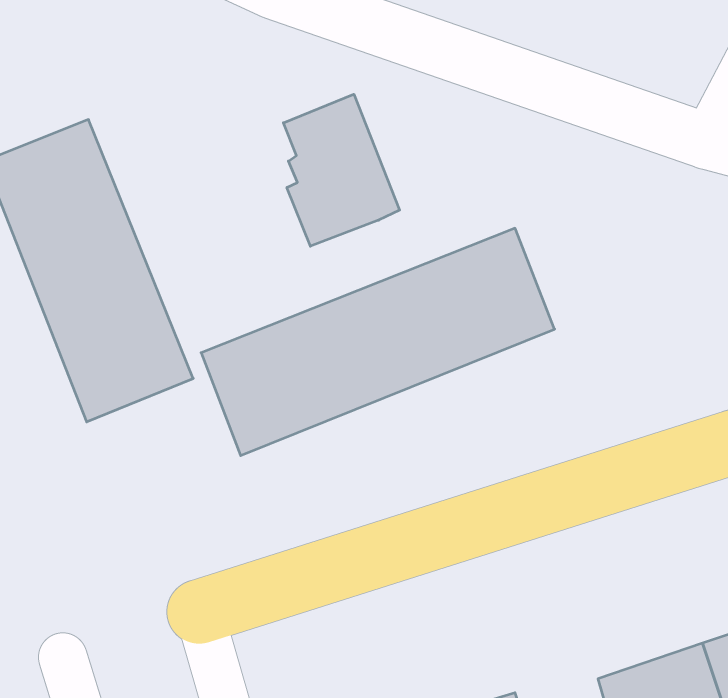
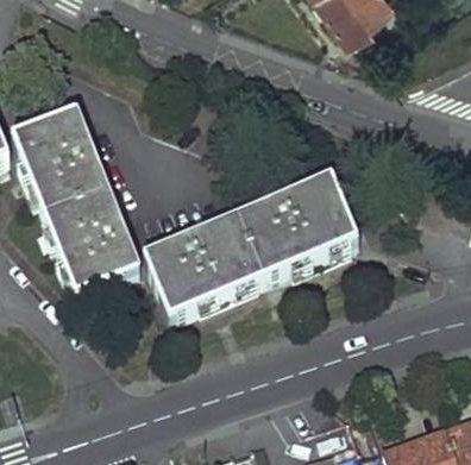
building: [283,94,400,246] -> none

